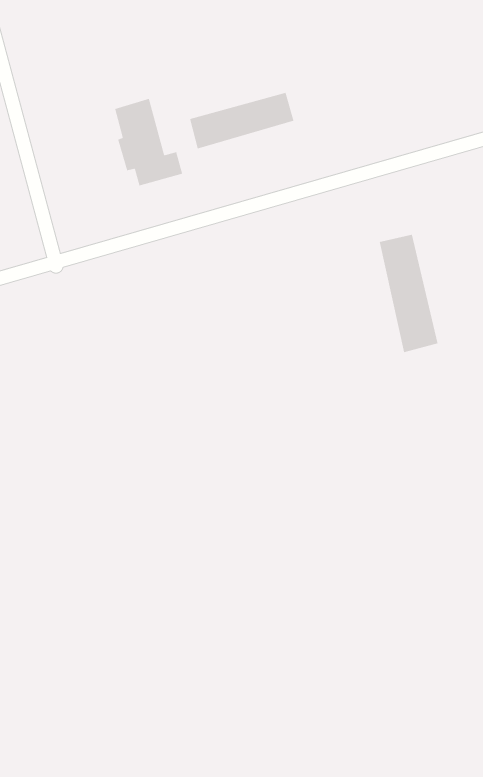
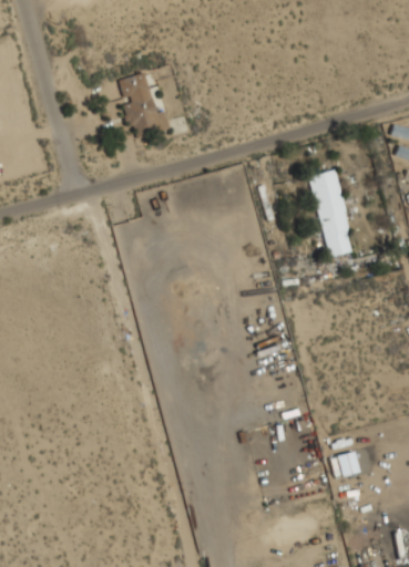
building: [189,92,295,150] -> none

